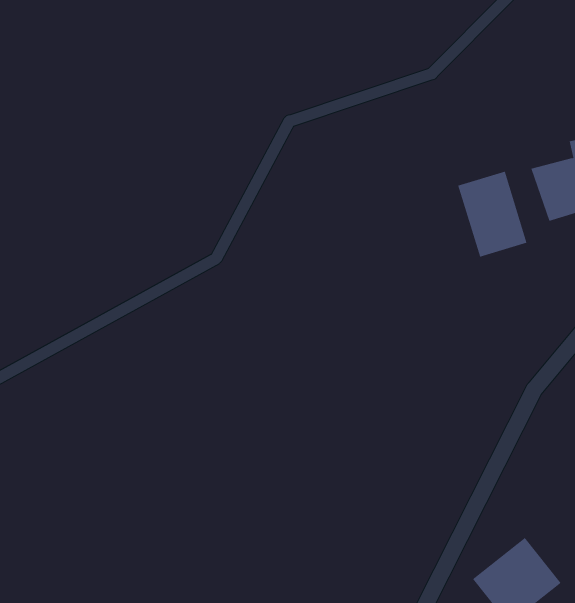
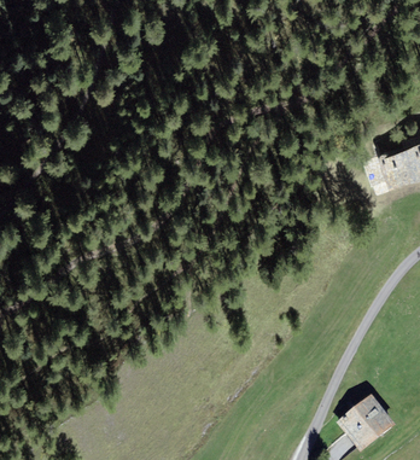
building: [458,171,527,257] -> none

